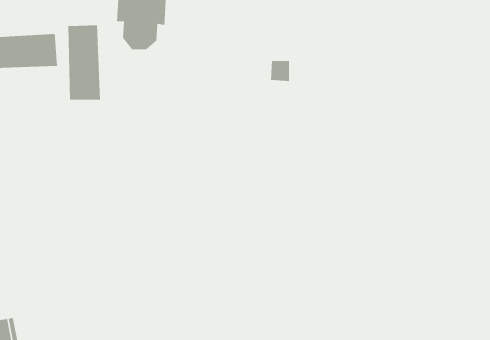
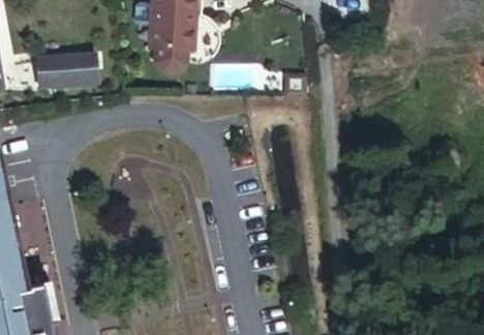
building: [68,24,100,101] -> none

